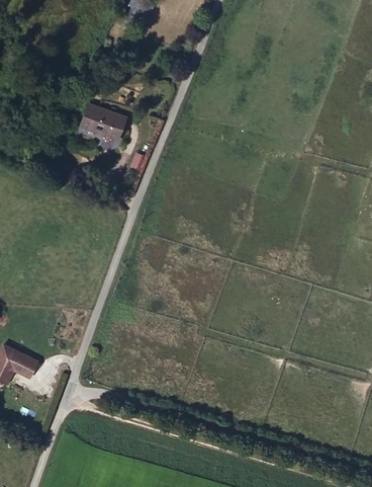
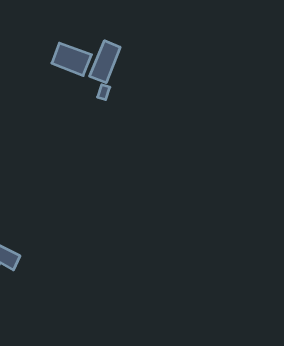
building: none -> [90,41,120,83]

